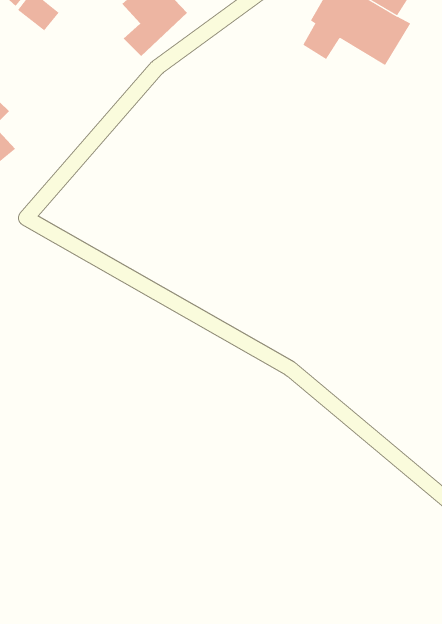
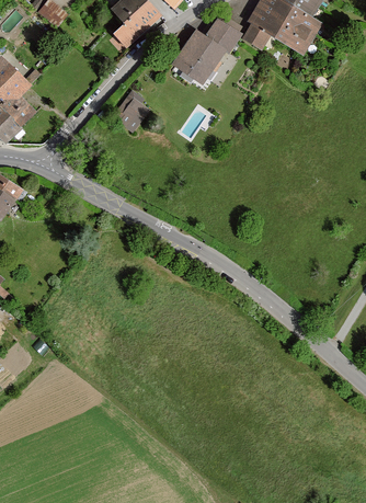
building: none -> [172,18,241,83]
building: none -> [118,95,148,124]

